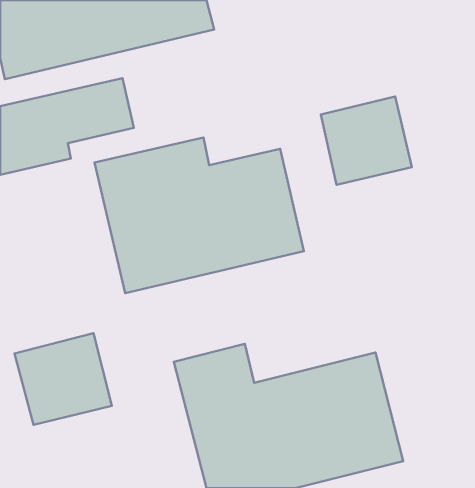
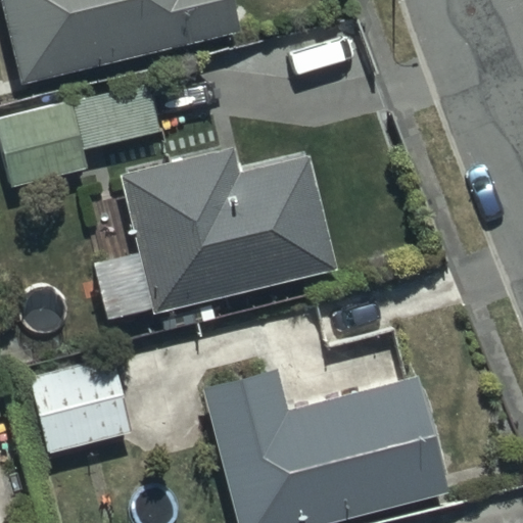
building: [321,97,412,185] -> none

